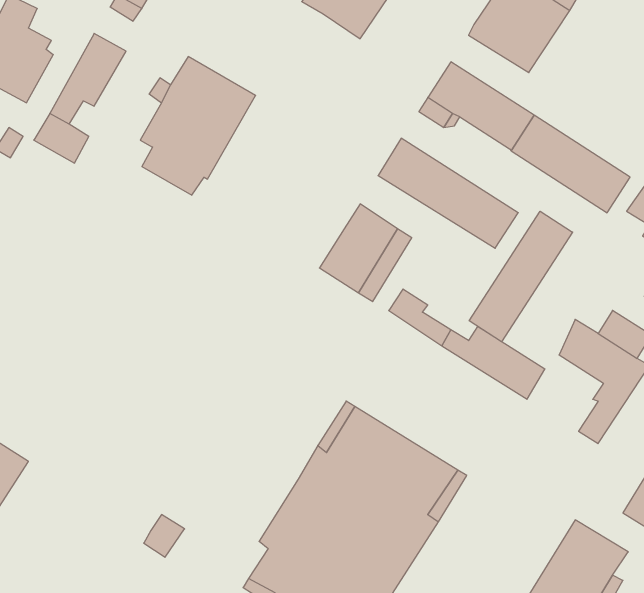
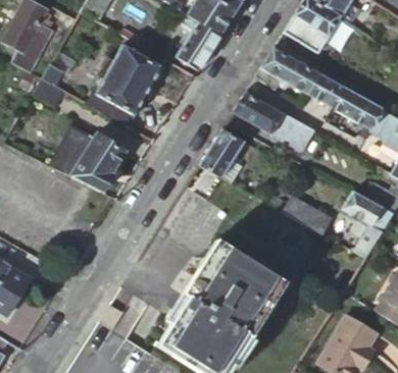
building: none -> [179,18,223,68]
building: none -> [53,123,129,190]
building: [469,211,573,342] -> none

